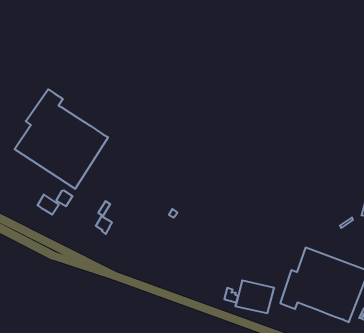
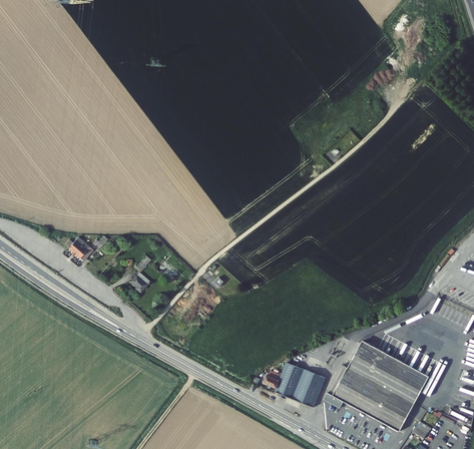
building: [15,89,108,189] -> none

